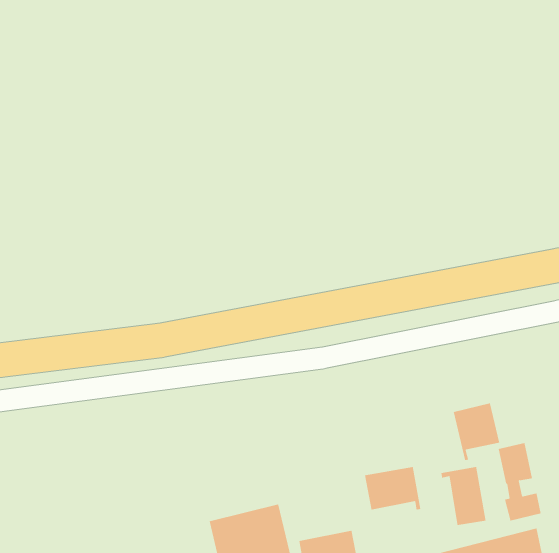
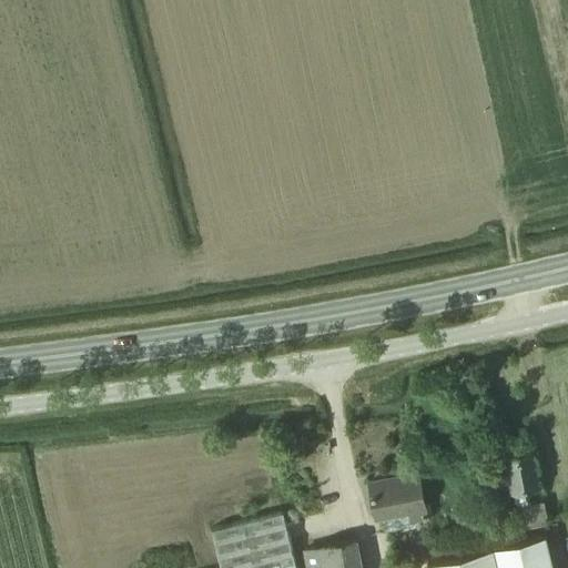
building: [453,403,500,461] -> none
building: [441,466,486,526] -> none

